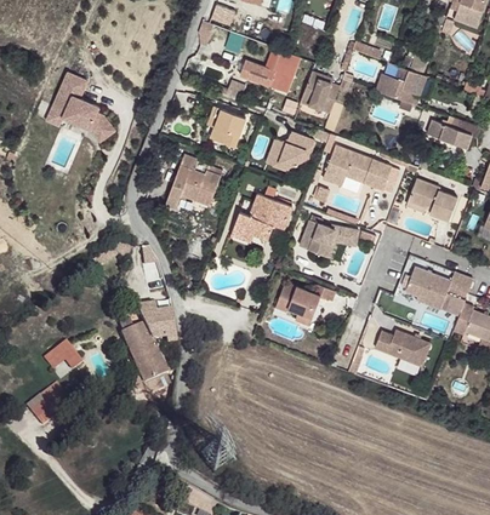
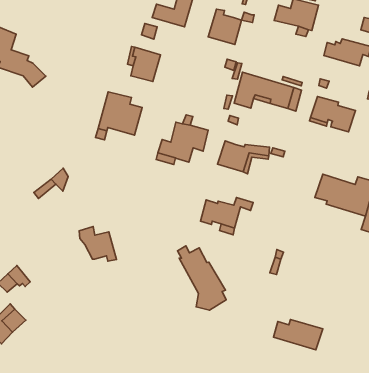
building: [267,131,315,166] -> none
building: [120,319,170,393] -> [177,246,226,310]
building: [376,330,432,366] -> [274,319,323,350]

